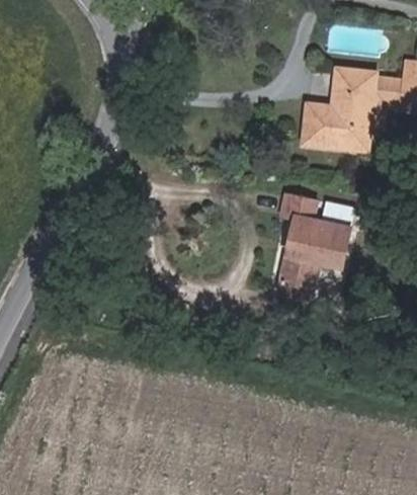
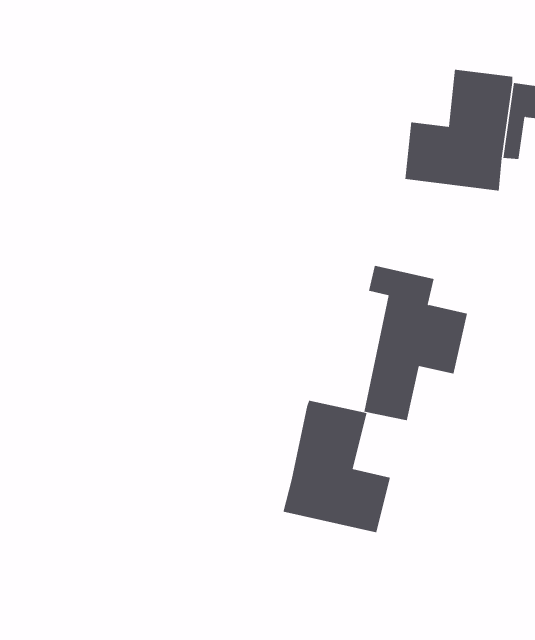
building: none -> [283,400,390,533]

